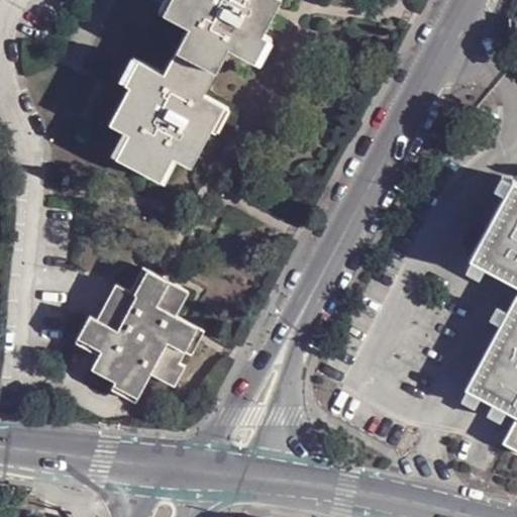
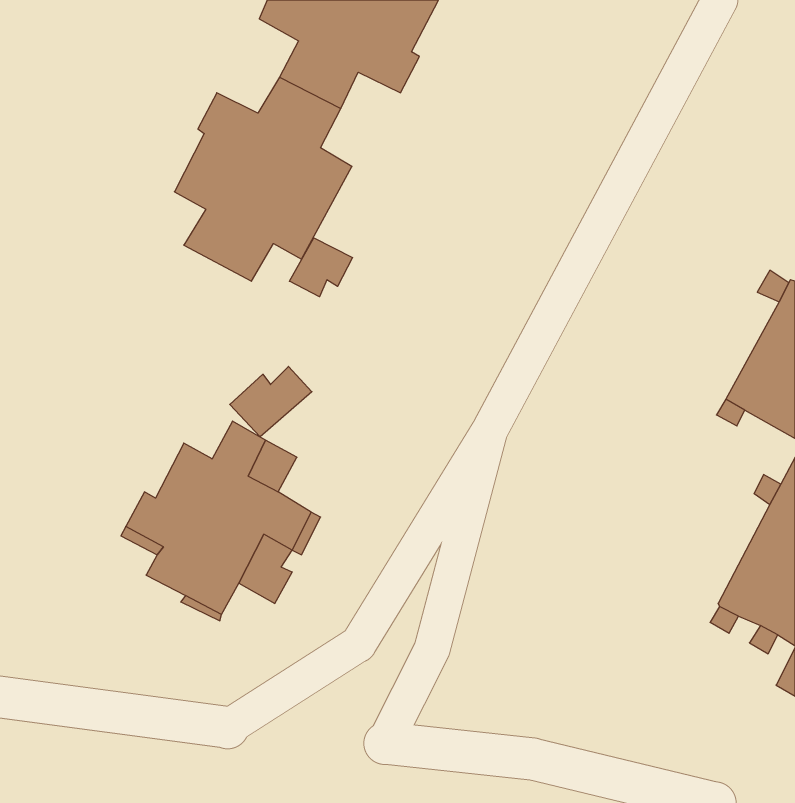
building: none -> [289,238,353,297]
building: none -> [230,366,312,437]

